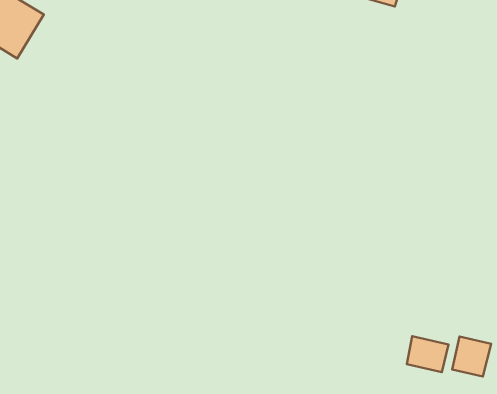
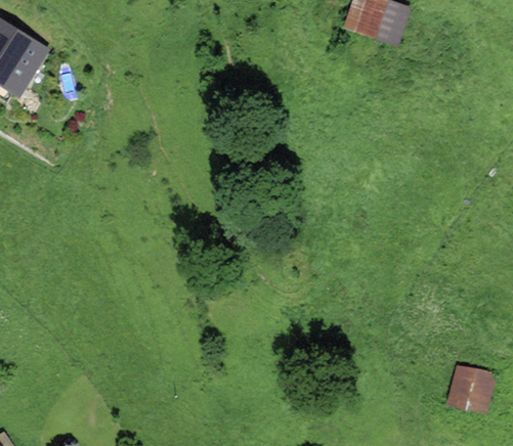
building: [407,336,448,372] -> none

